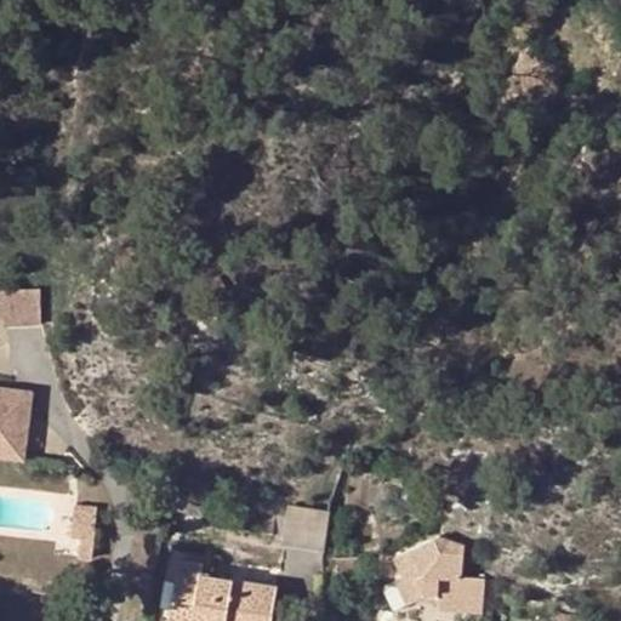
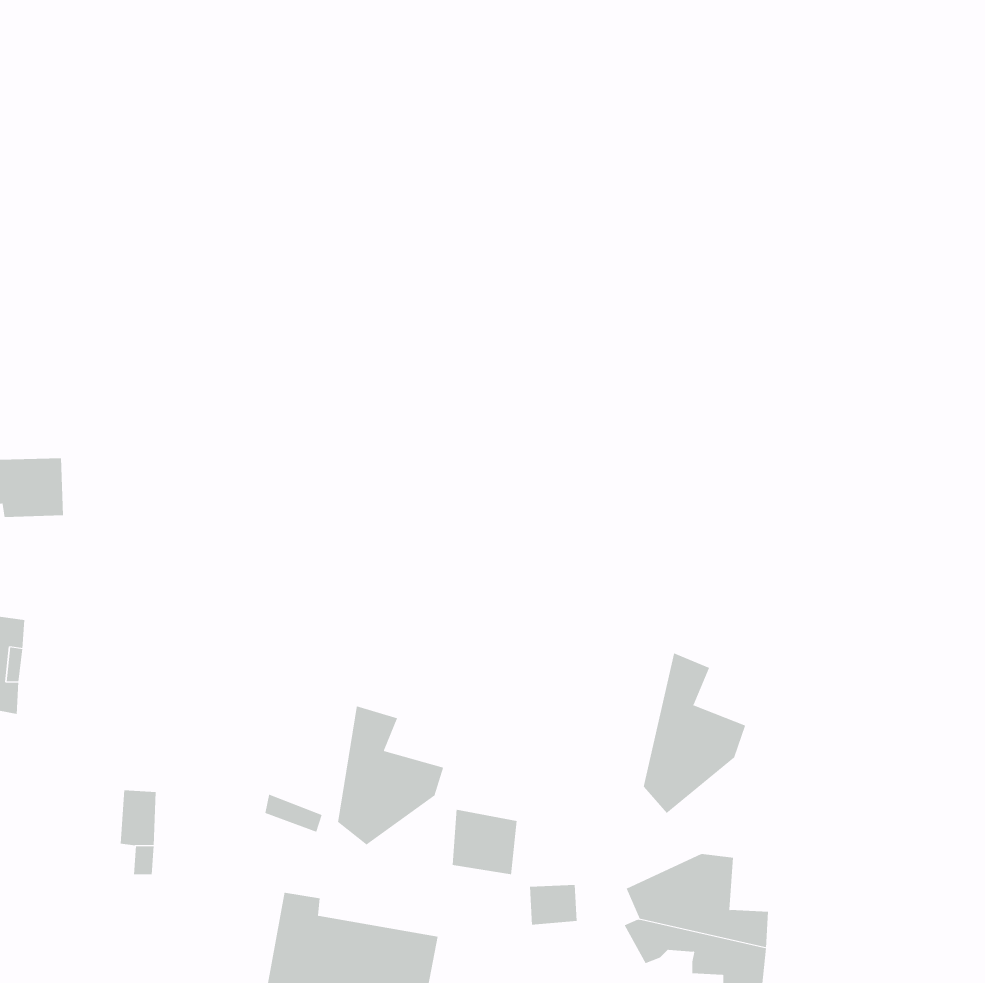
building: none -> [643,652,746,814]
building: none -> [338,705,444,845]

